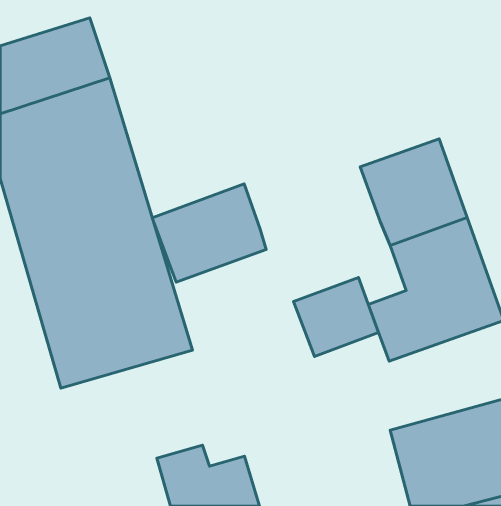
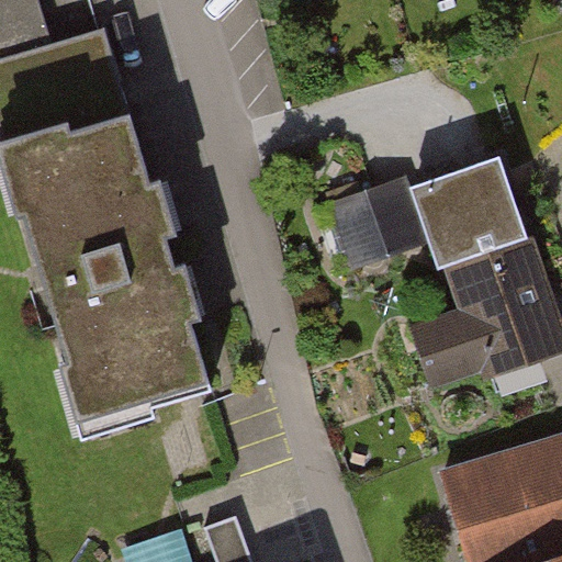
building: [152,184,266,282] -> none
building: [294,278,378,356] -> [335,183,428,270]

